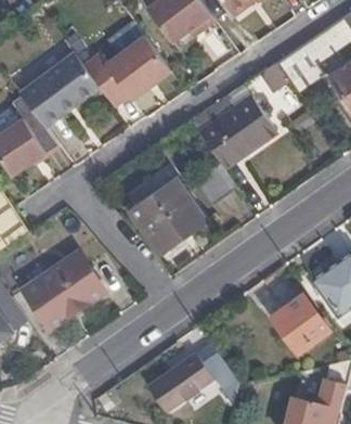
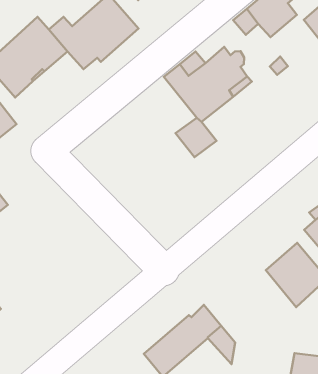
building: [132,181,205,253] -> none
building: [23,250,105,329] -> none

